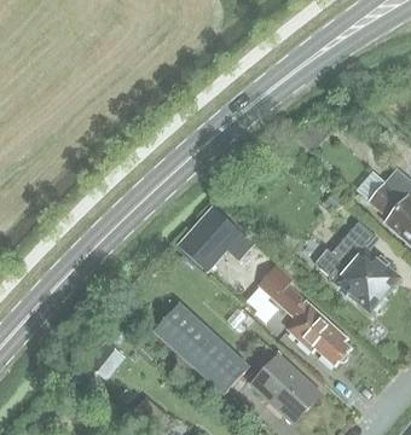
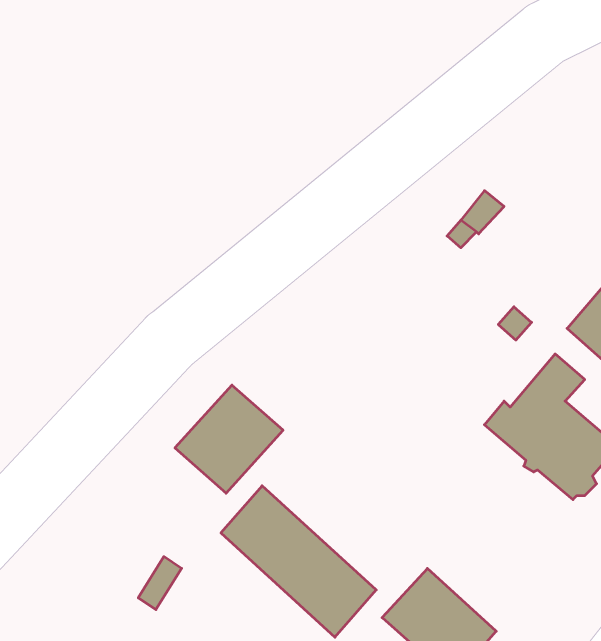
building: [178,205,244,272] -> [175,385,283,493]
building: [257,265,349,366] -> none

